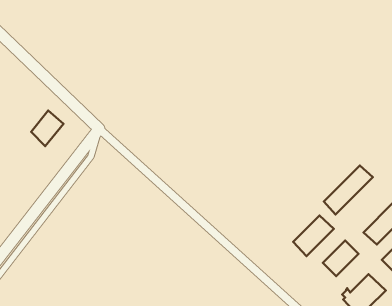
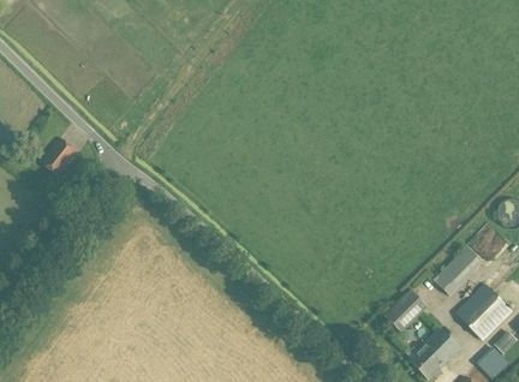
building: [324,165,373,214] -> none
building: [293,215,334,256] -> none

